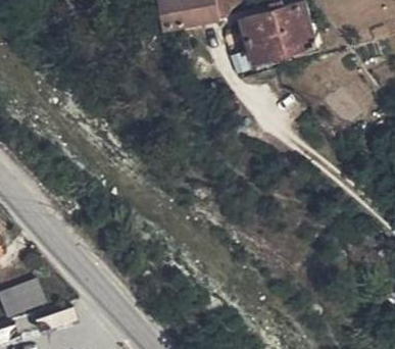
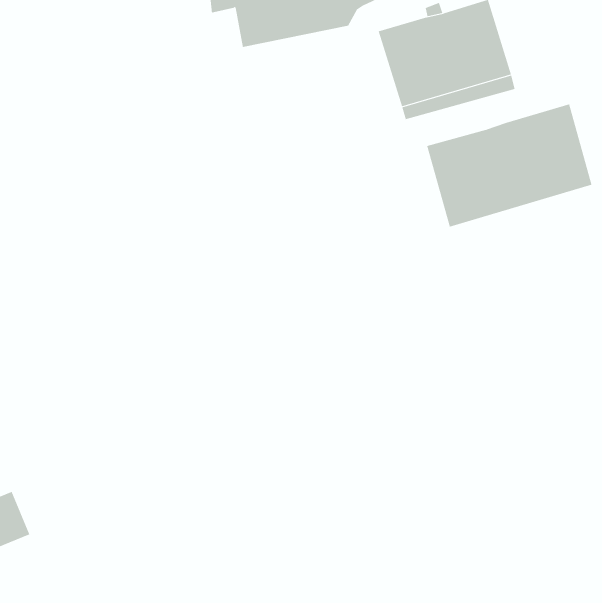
building: none -> [427,103,592,227]

